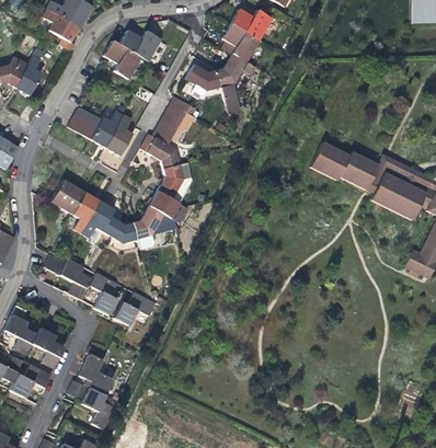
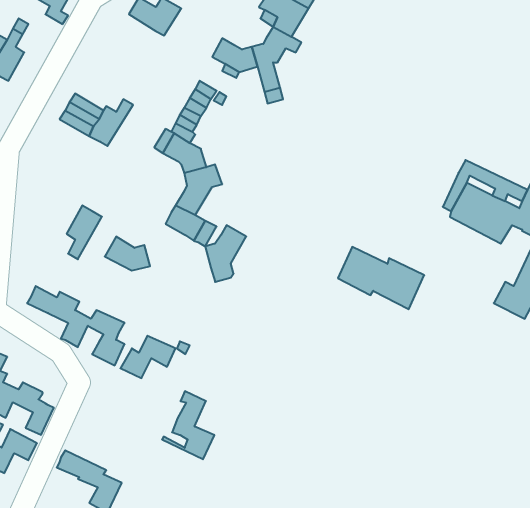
building: [106,39,144,77] -> none
building: [106,113,135,153] -> none
building: [311,143,378,192] -> [338,247,424,309]
building: [53,179,87,212] -> none
building: [83,199,116,237] -> none
building: [135,205,167,249] -> [205,225,246,282]
building: [73,343,114,395] -> [162,391,214,459]

